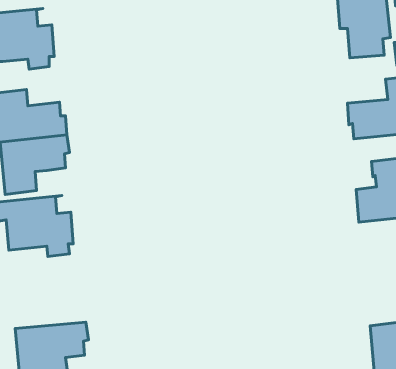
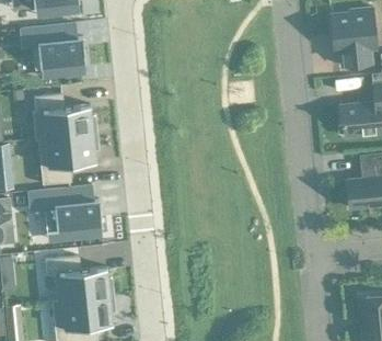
building: none -> [45,257,113,302]

